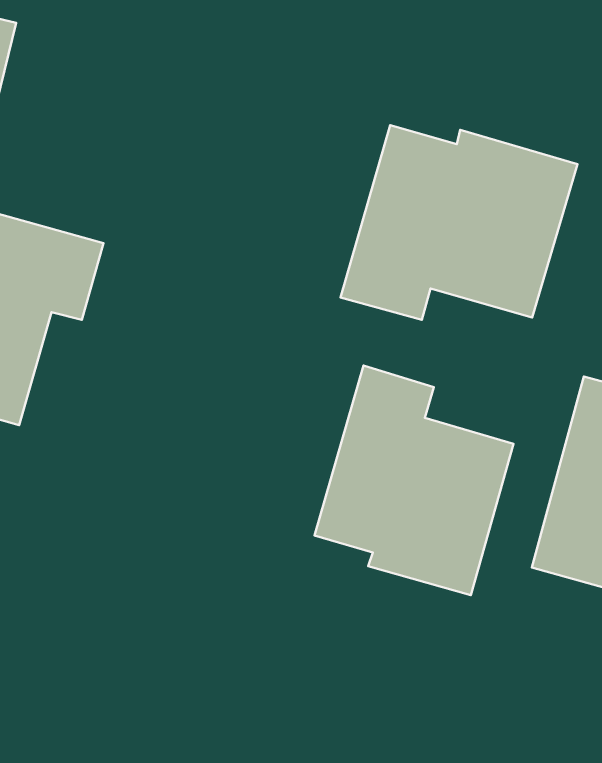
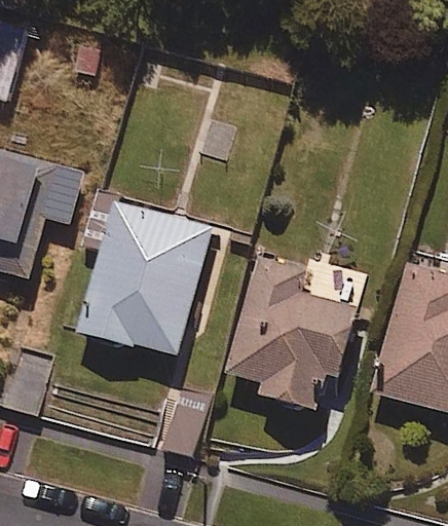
building: [341,125,577,320] -> none
building: none -> [79,200,212,354]

